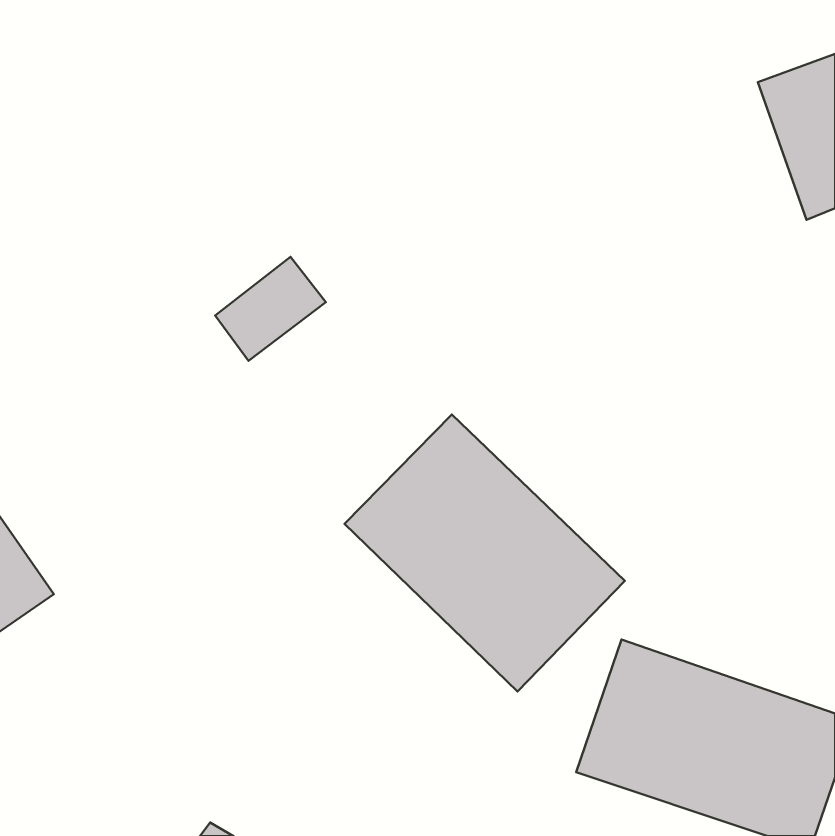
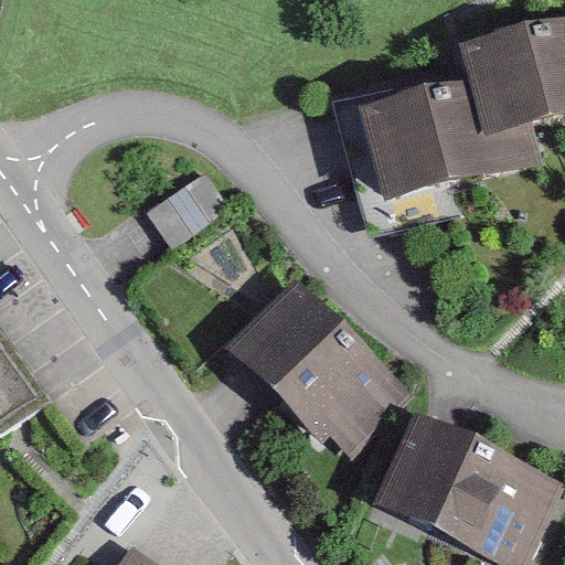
building: none -> [347,74,518,207]

